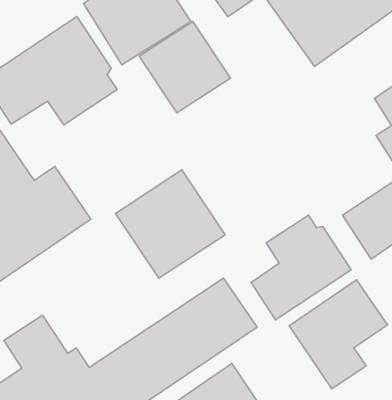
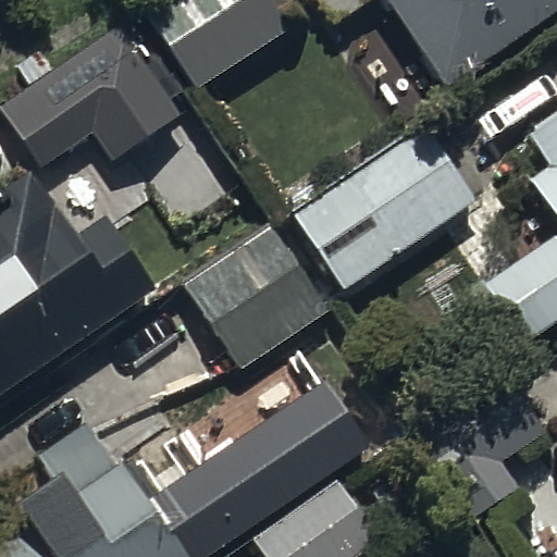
building: [139,21,230,113] -> none
building: none -> [289,121,476,289]
building: [251,215,351,320] -> none

